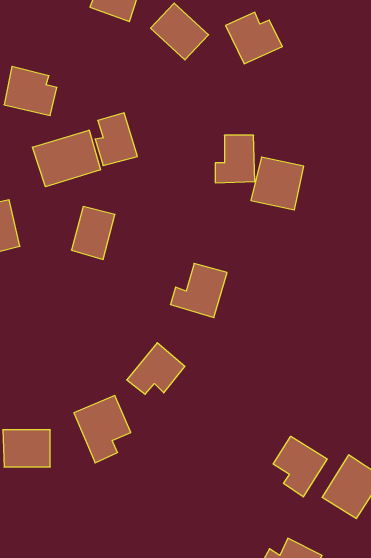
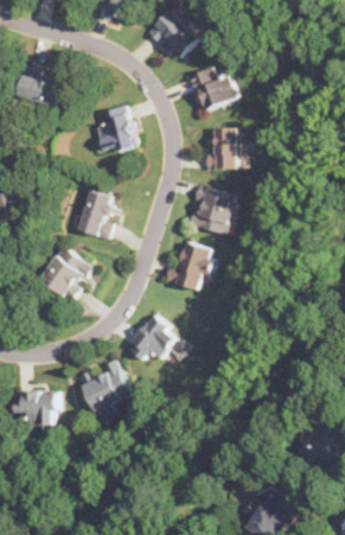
building: [226,12,282,64] -> [184,64,235,110]
building: [32,130,100,187] -> none
building: [251,157,304,210] -> [185,185,232,233]
building: none -> [37,247,90,300]
building: [273,436,327,497] -> none

